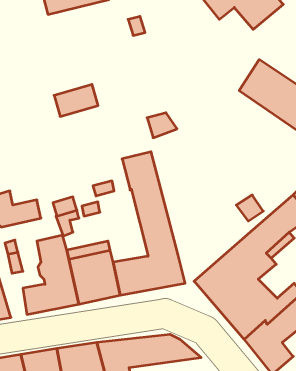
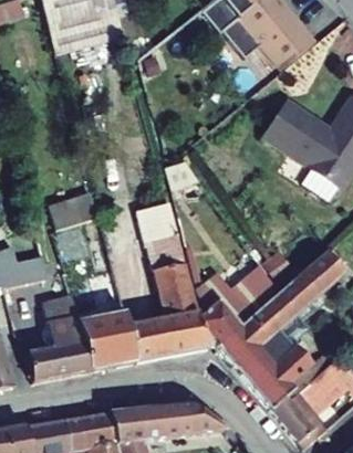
building: [54,84,98,116] -> [49,193,97,229]
building: none -> [196,265,278,348]

